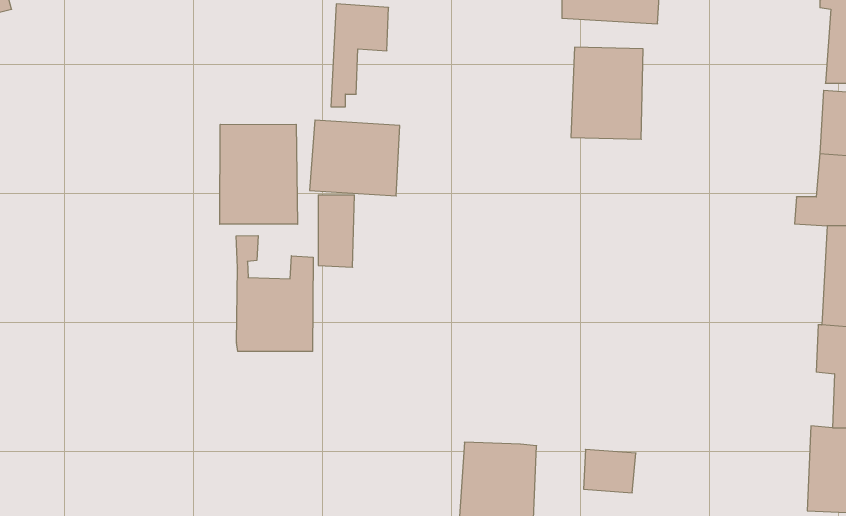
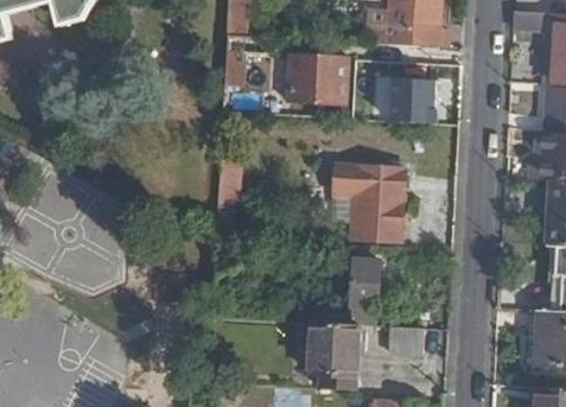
building: [310,120,400,196] -> [287,55,346,104]
building: [220,124,298,224] -> none
building: none -> [326,165,407,241]
building: [236,236,313,351] -> none
building: none -> [349,260,377,325]

